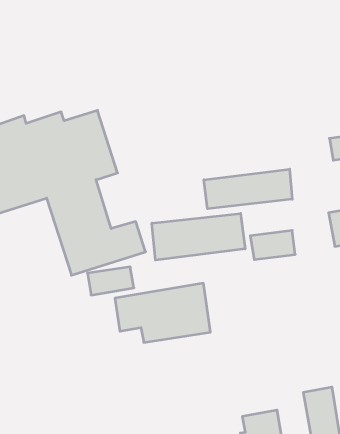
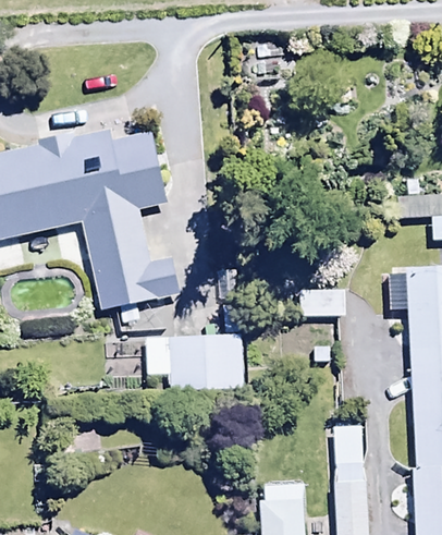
building: [204,169,292,209] -> none
building: [152,213,245,260] -> none

